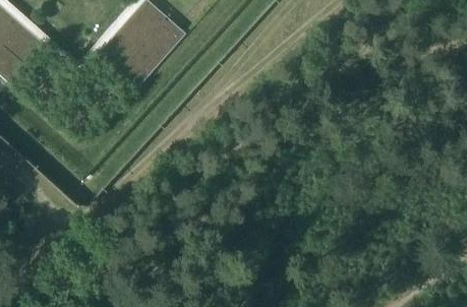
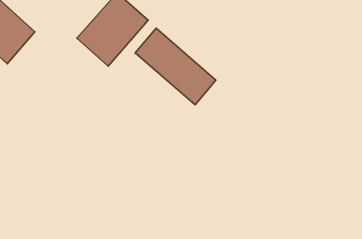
building: none -> [135,28,216,105]

